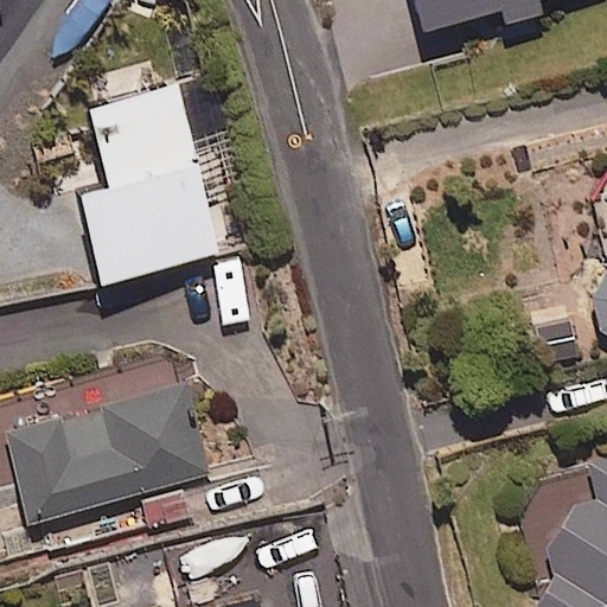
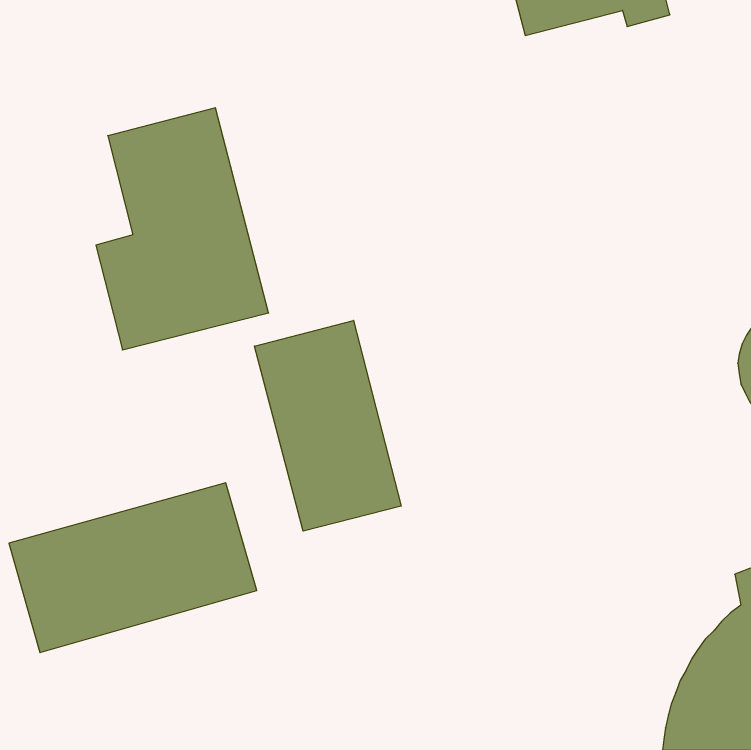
building: none -> [254,320,401,531]

